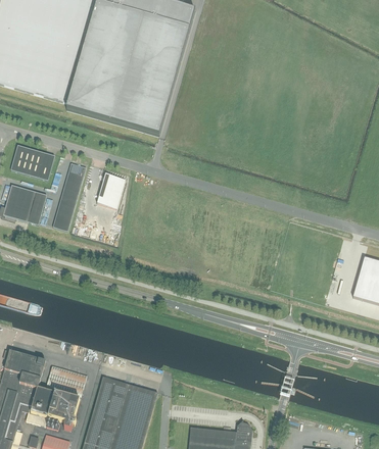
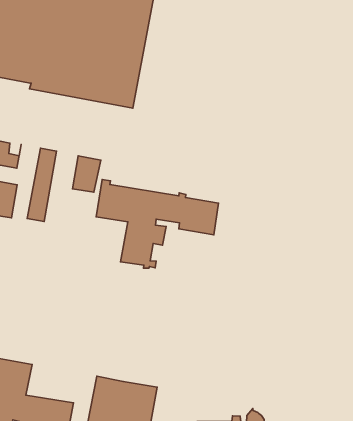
building: none -> [96,179,218,268]
building: [46,362,87,395] -> none

